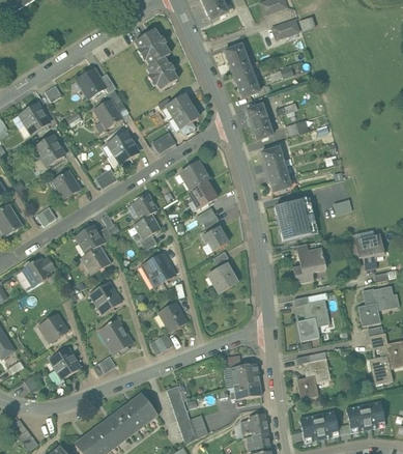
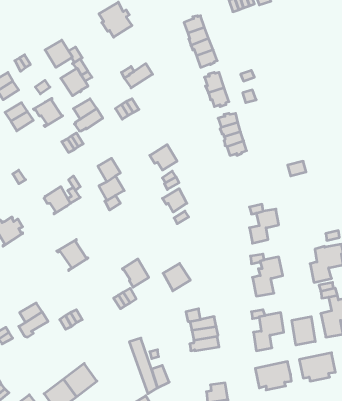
building: [146,57,177,90] -> none
building: [168,106,198,134] -> none
building: [179,162,208,191] -> none
building: [50,170,81,200] -> [33,98,63,127]
building: [276,197,315,242] -> none
building: [355,234,383,269] -> none
building: [80,246,111,276] -> none
building: [142,253,175,287] -> none
building: [208,264,237,293] -> [163,263,190,291]
building: [37,313,67,343] -> none
building: [97,318,134,356] -> none
building: none -> [292,317,315,345]
building: [118,395,157,431] -> none
building: [241,414,267,435] -> none

